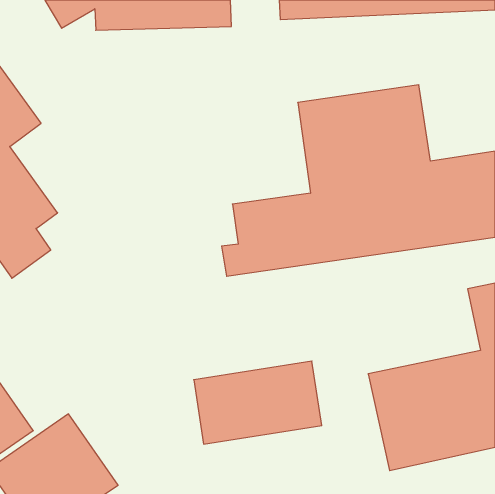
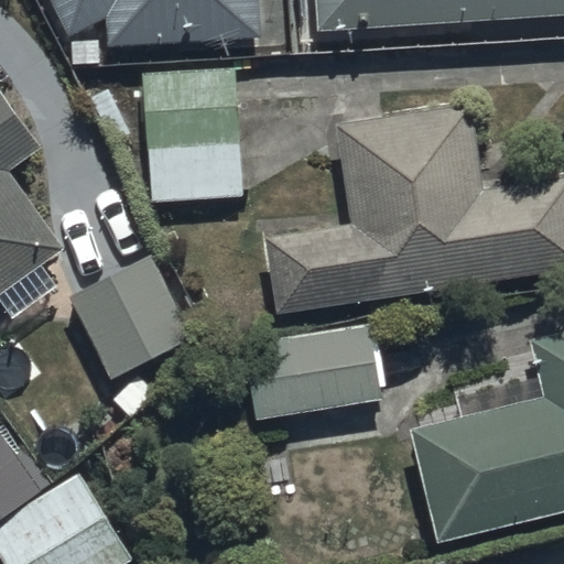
building: none -> [142,65,241,204]
building: none -> [68,253,192,379]
building: [194,361,322,444] -> [239,323,383,416]

